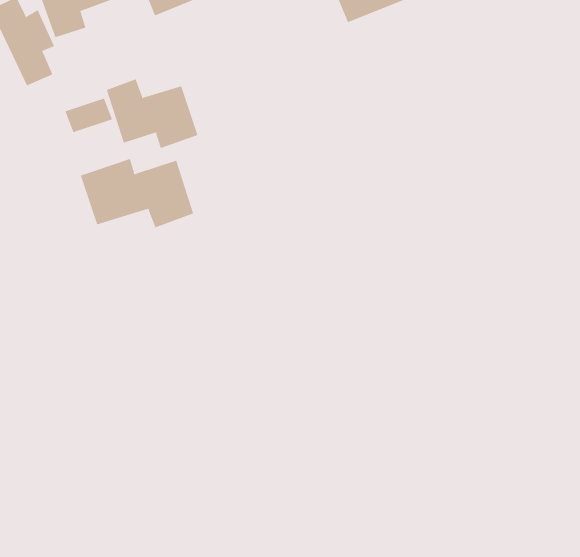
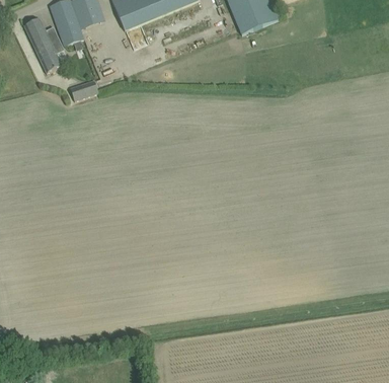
building: [106,79,198,149] -> none
building: [80,158,194,228] -> none

